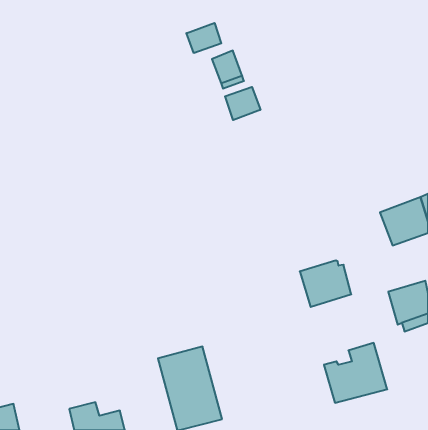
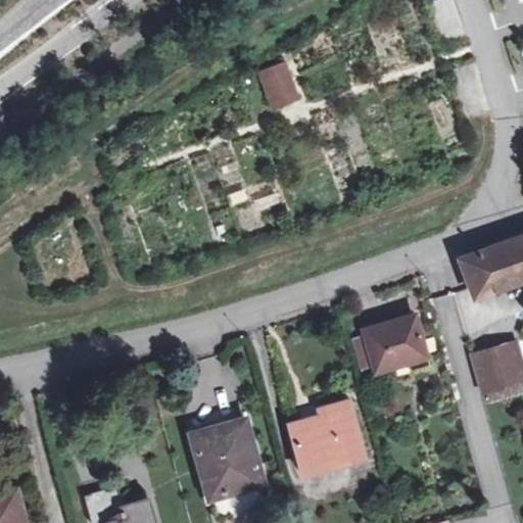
building: [186,23,221,53] -> none
building: [225,87,260,120] -> none
building: [324,343,387,403] -> [289,400,366,473]

